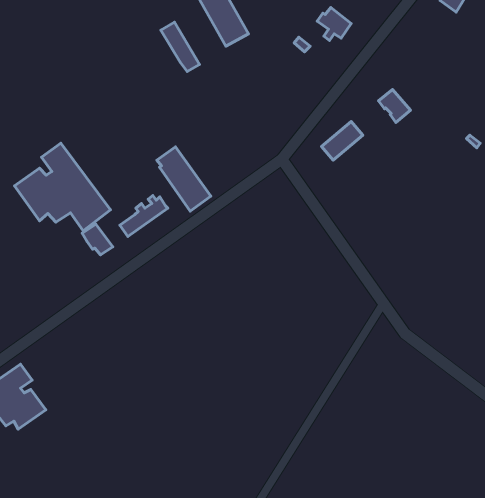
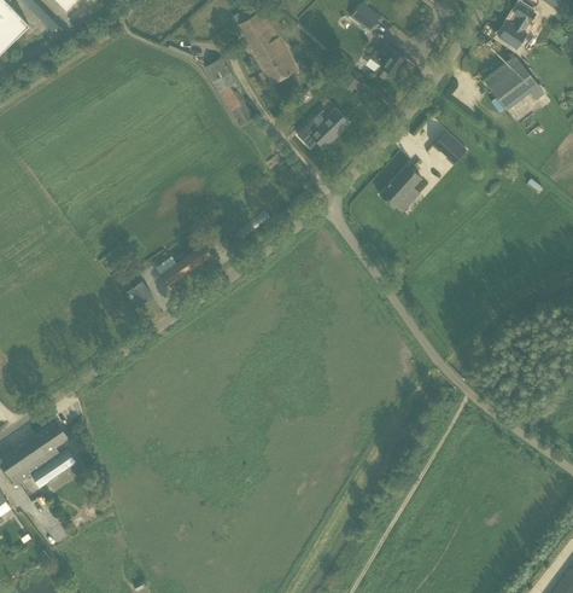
building: none -> [485,58,538,110]
building: none -> [306,109,349,147]
building: [14,143,111,231] -> none
building: [157,147,211,211] -> none

